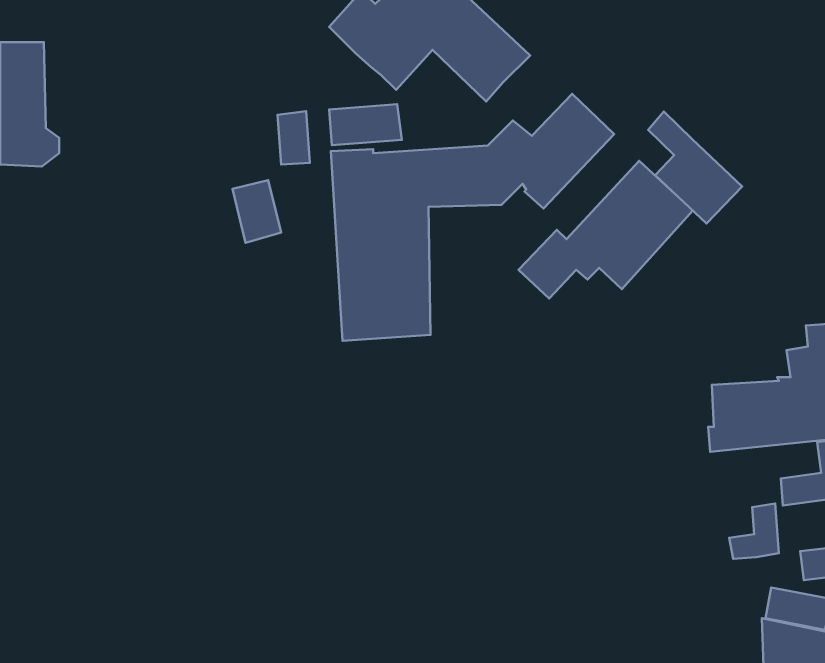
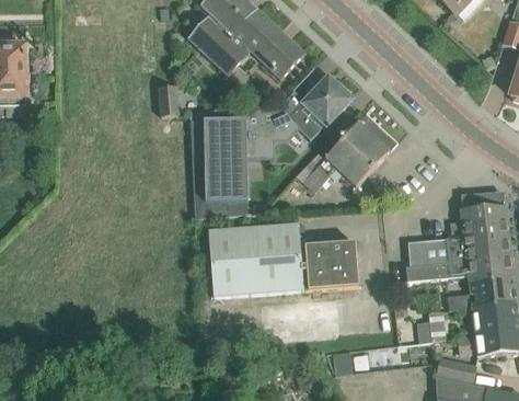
building: [329,104,402,145] -> none
building: [648,112,742,223] -> none
building: [233,180,281,243] -> none
building: none -> [208,222,358,296]

